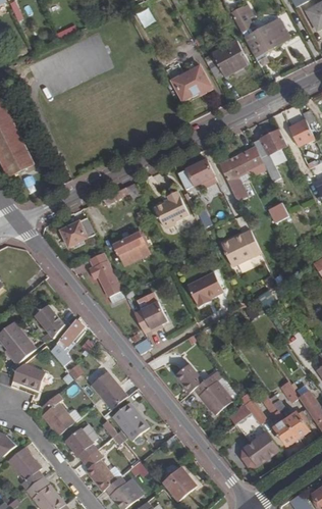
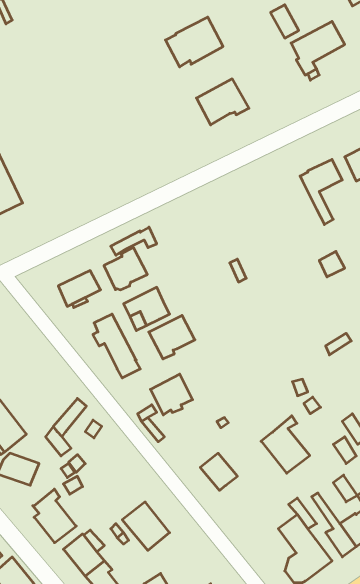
building: [203,39,249,79] -> [165,17,223,67]
building: [218,146,266,198] -> none
building: [177,159,216,189] -> none
building: [154,193,189,226] -> [104,248,147,290]
building: [221,230,261,266] -> none
building: [186,271,223,306] -> [149,315,195,359]
building: [35,304,64,338] -> none
building: [194,368,232,414] -> [261,416,310,473]
building: [90,370,126,409] -> none

